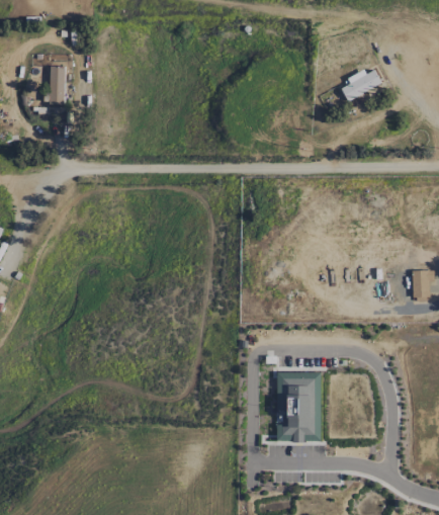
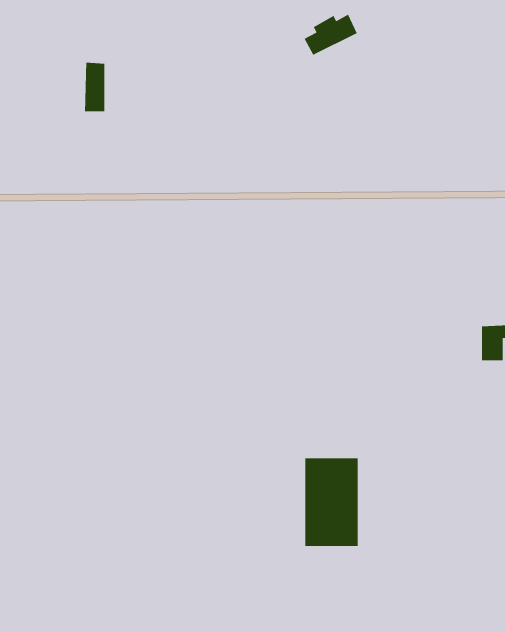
building: [49,65,65,103] -> [84,62,105,112]
building: [341,68,382,100] -> [304,14,358,56]

